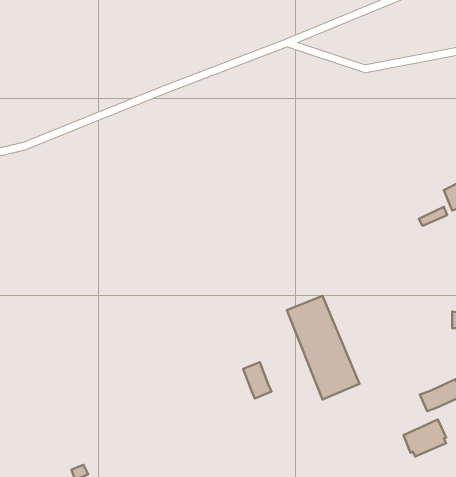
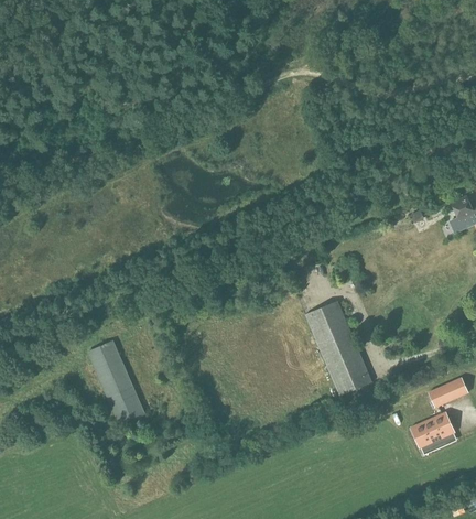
building: none -> [88,342,143,423]
building: [243,362,272,398] -> none

